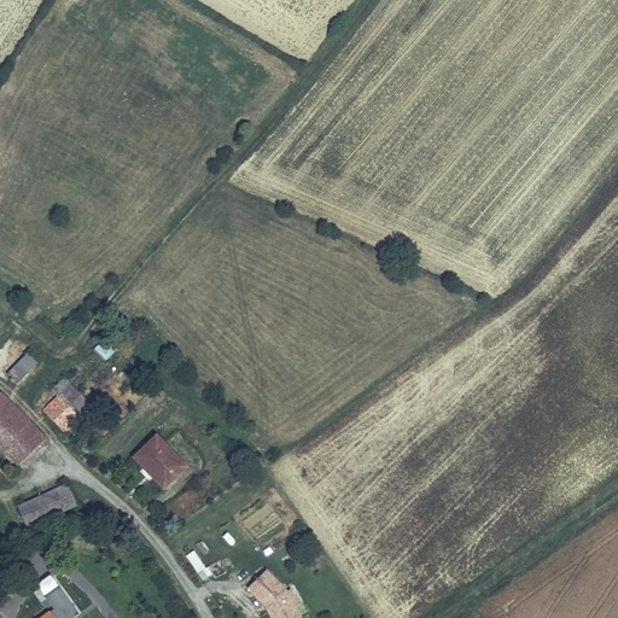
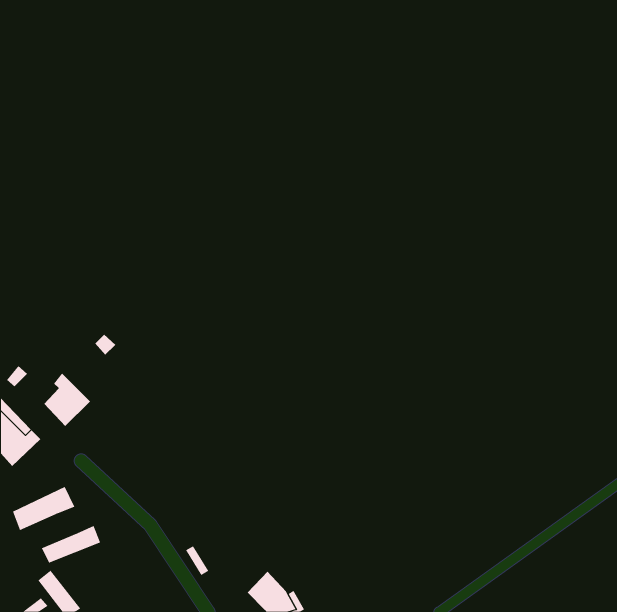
building: [128,435,182,488] -> none
building: none -> [41,525,101,563]

